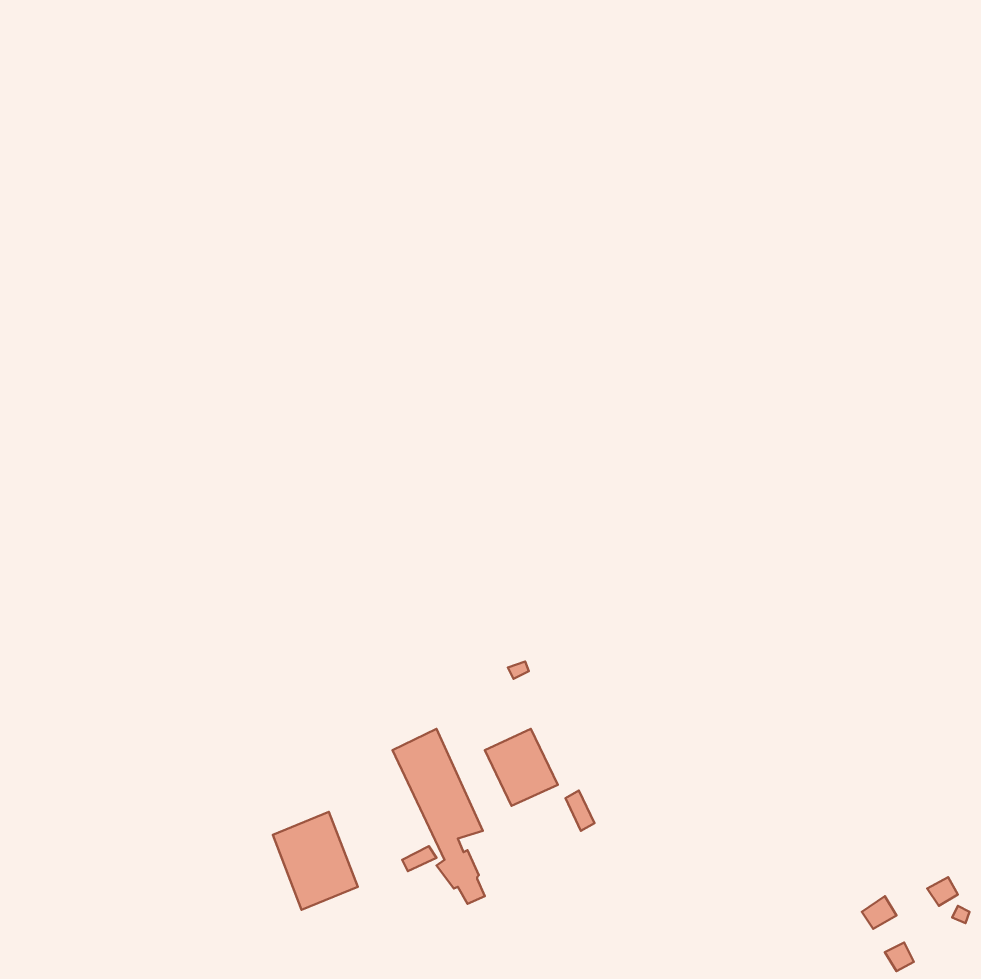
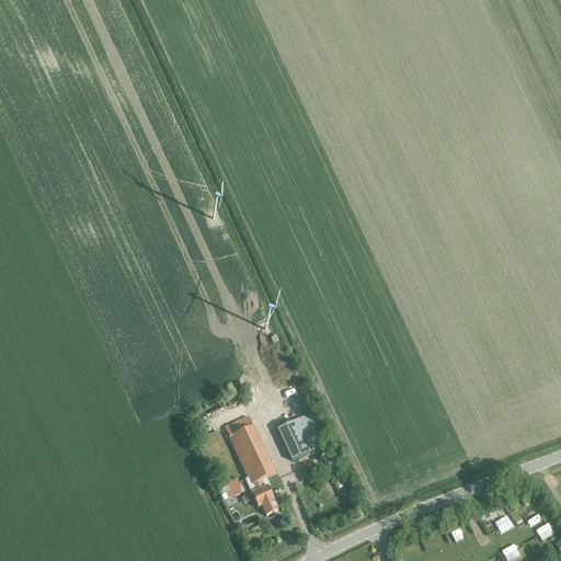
building: [273,812,358,910] -> none

